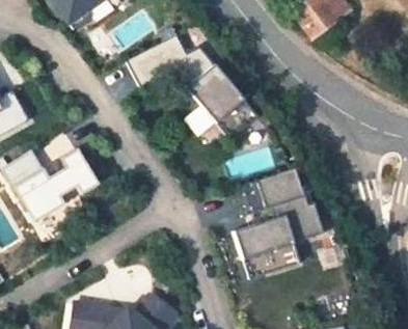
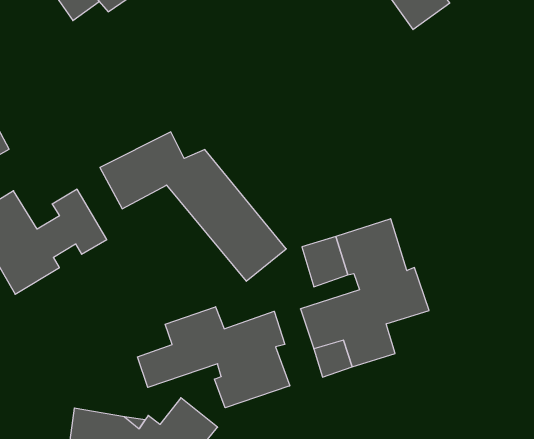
building: [127,35,257,140] -> [100,132,286,281]
building: none -> [138,307,290,408]

